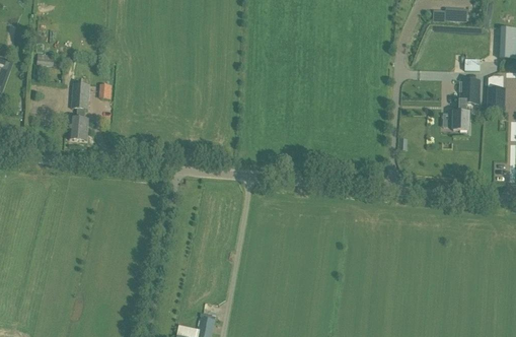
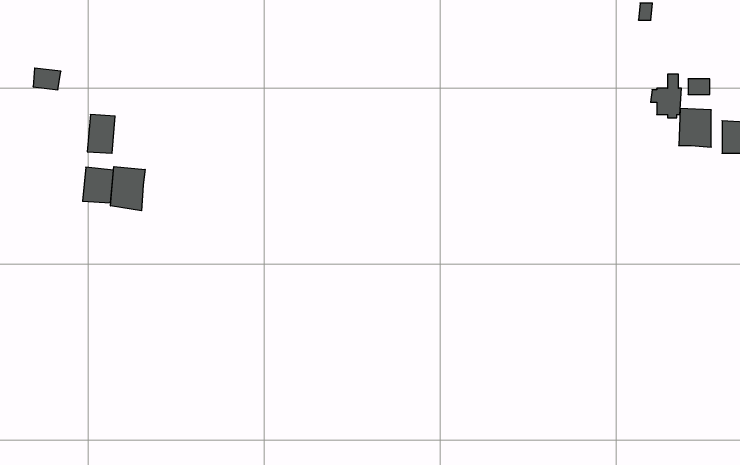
building: [449,103,469,131] -> [651,74,681,118]
building: none -> [111,167,145,211]

